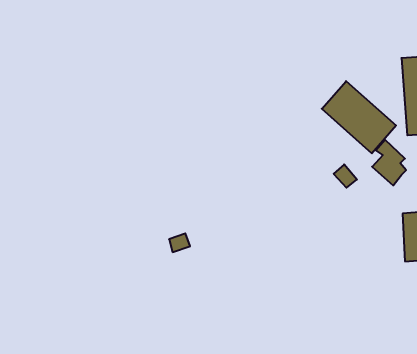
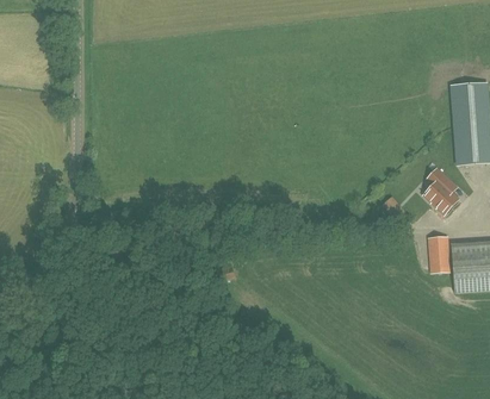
building: [322,81,396,153] -> none
building: none -> [429,236,451,273]

